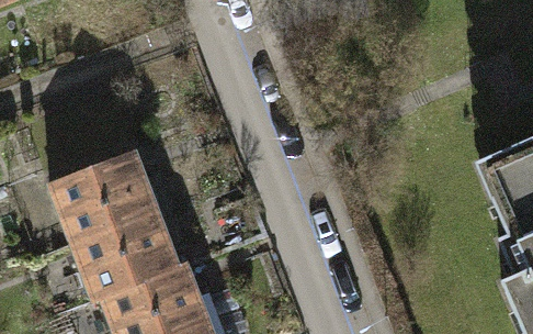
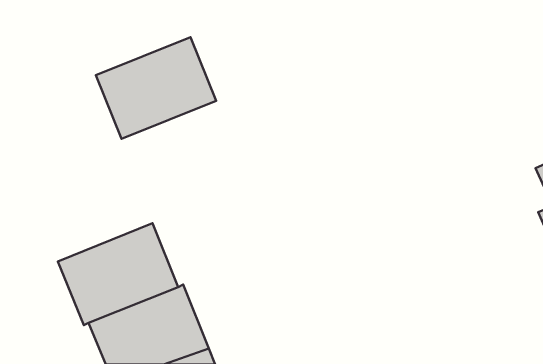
building: [47,149,155,241] -> [96,37,216,139]

